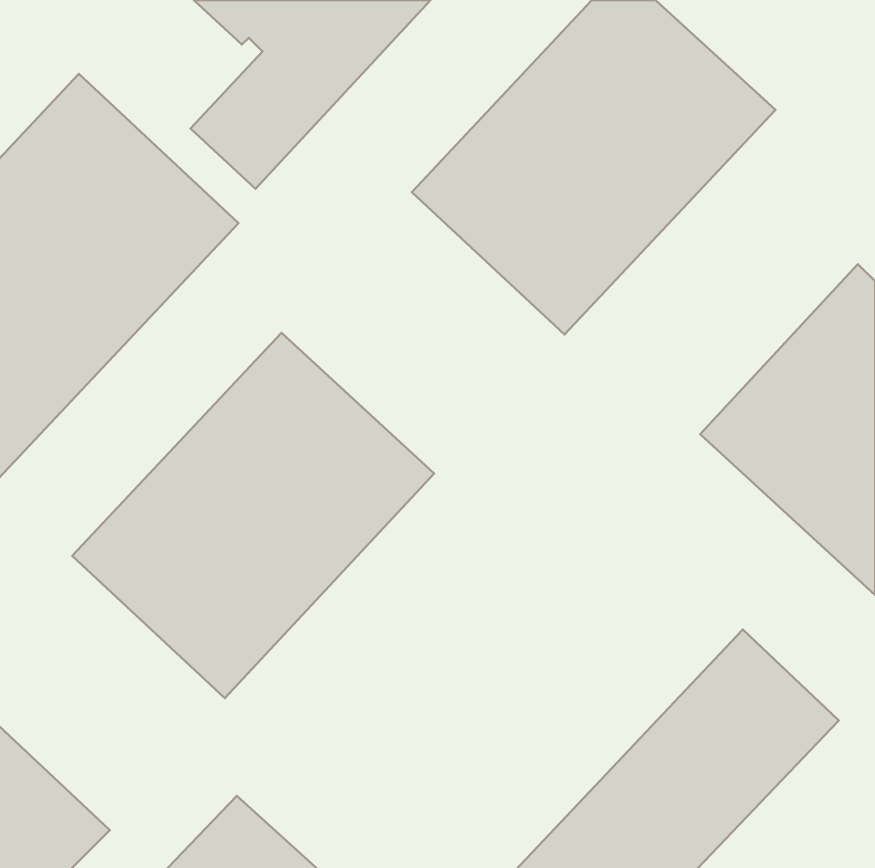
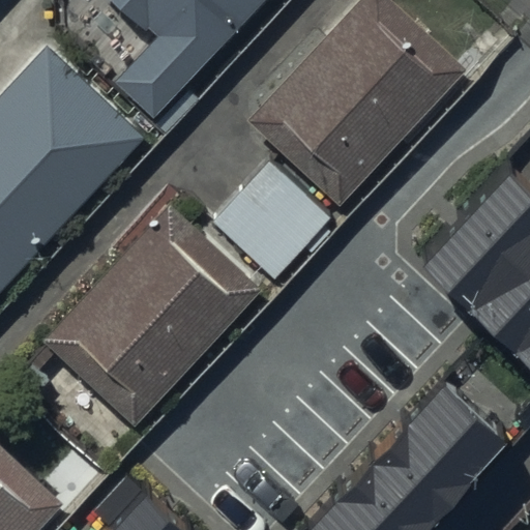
building: none -> [208,152,333,272]

